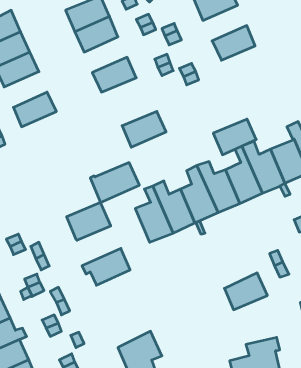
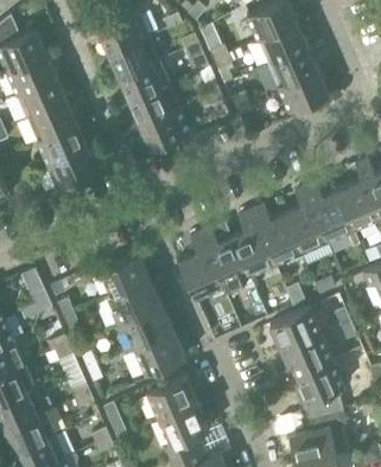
building: none -> [258,24,309,65]
building: none -> [120,60,170,102]
building: none -> [27,101,77,142]
building: none -> [47,147,99,190]
building: [122,111,166,147] -> [140,108,191,149]
building: [213,119,256,155] -> [279,71,329,113]
building: [90,163,139,202] -> [106,280,163,326]
building: none -> [271,308,320,352]
building: none -> [134,331,185,376]
building: none -> [293,360,344,417]
building: none -> [147,376,197,421]

